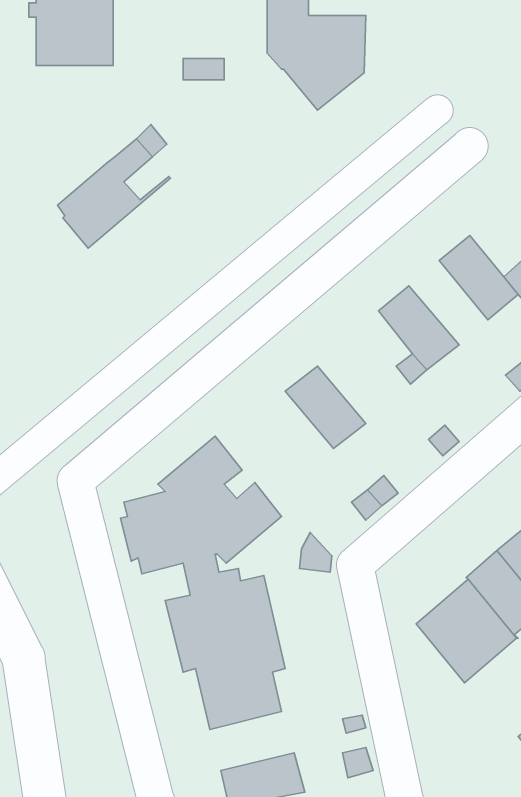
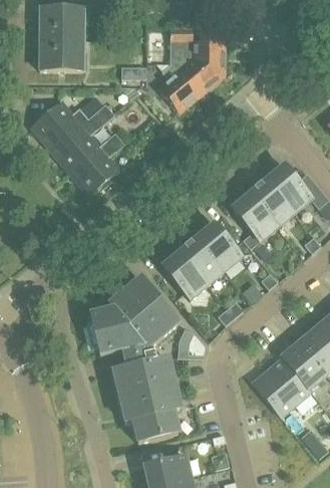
building: none -> [157,71,198,112]
building: none -> [31,100,84,148]
building: none -> [69,133,123,194]
building: none -> [249,179,293,226]
building: none -> [198,223,242,270]
building: none -> [162,252,207,298]

